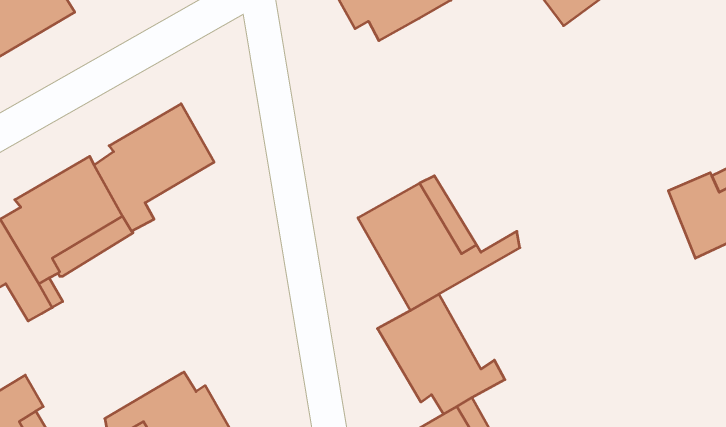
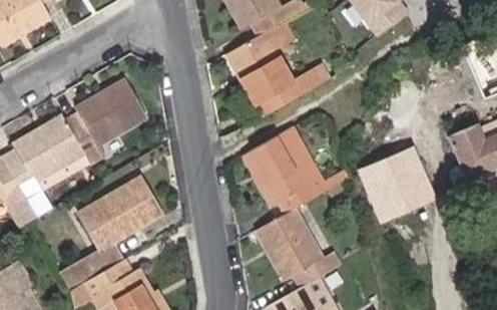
building: none -> [224,22,324,112]
building: none -> [358,147,433,221]
building: none -> [60,176,161,290]

